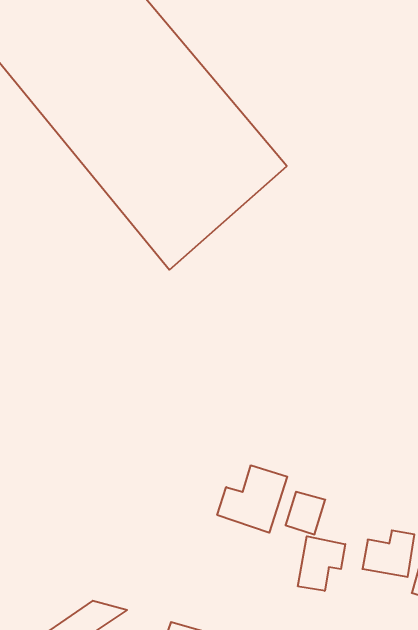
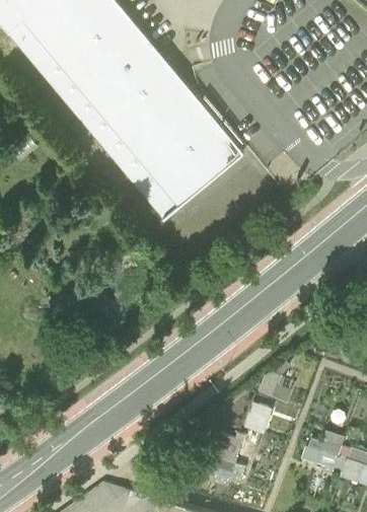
building: [217,465,287,533] -> none
building: [298,536,345,591] -> none

